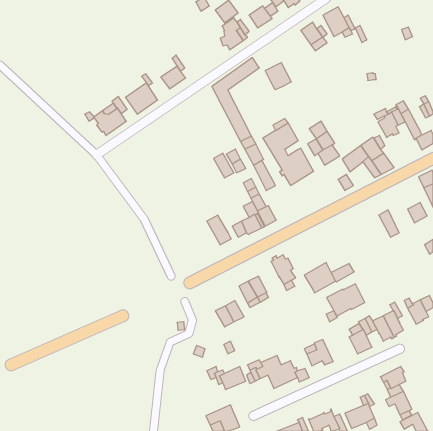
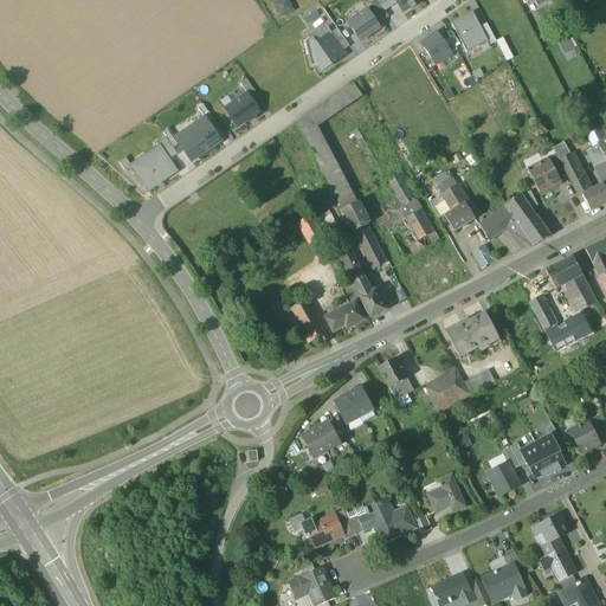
building: [265,63,291,90] -> none
building: none -> [546,256,587,292]
building: none -> [546,312,589,349]
building: [327,284,365,316] -> [445,311,498,356]

